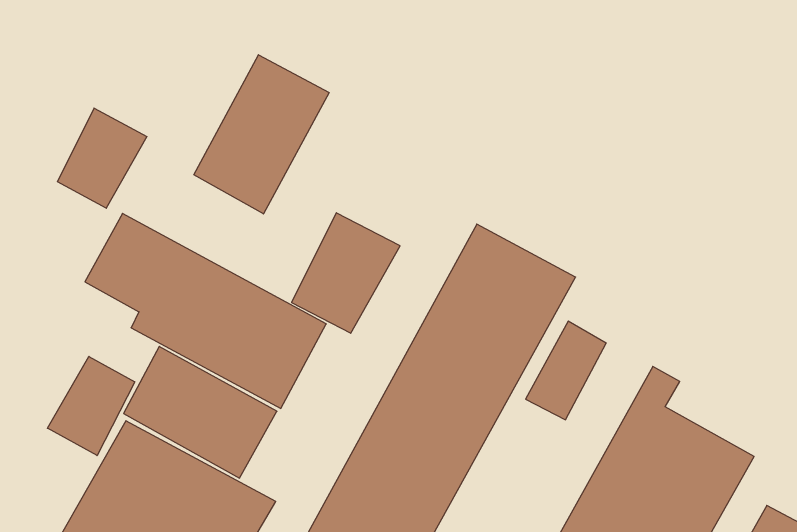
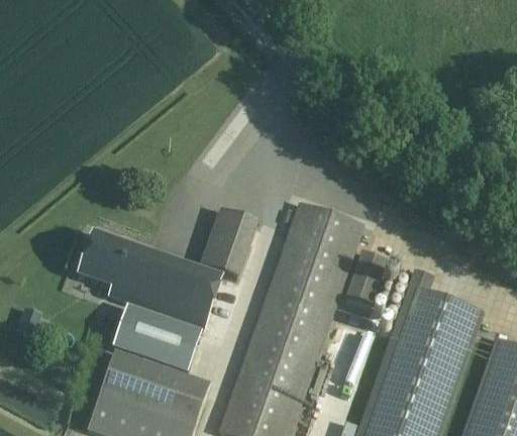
building: [194,55,329,214] -> none
building: [57,108,147,208] -> none
building: [47,356,135,456] -> none

